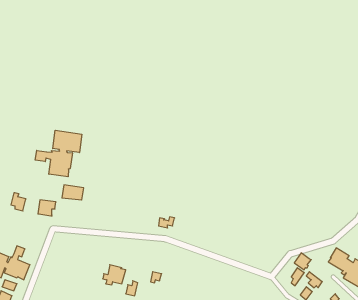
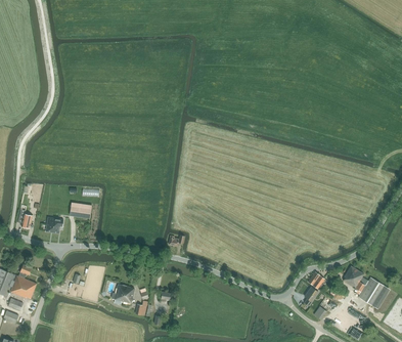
building: [35,130,82,177] -> none

